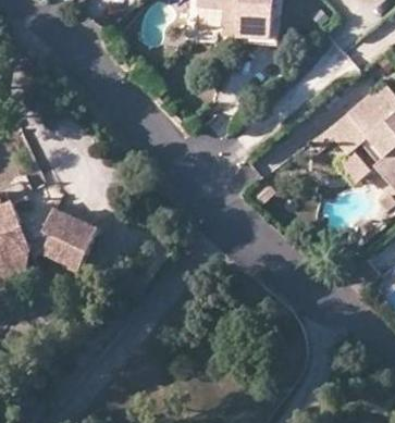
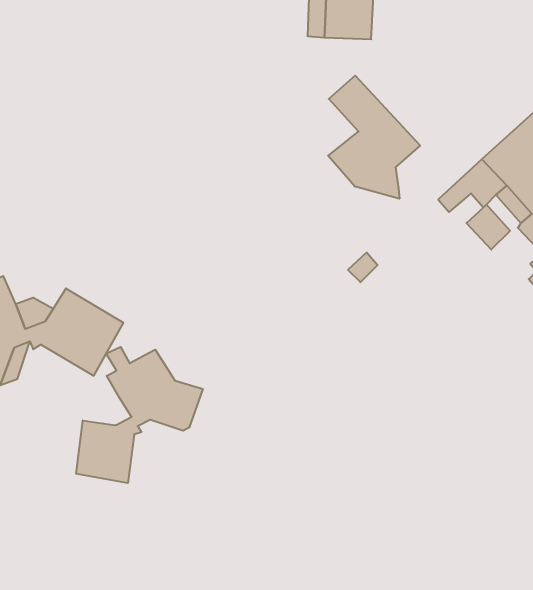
building: none -> [328,76,420,199]
building: none -> [76,347,203,483]

